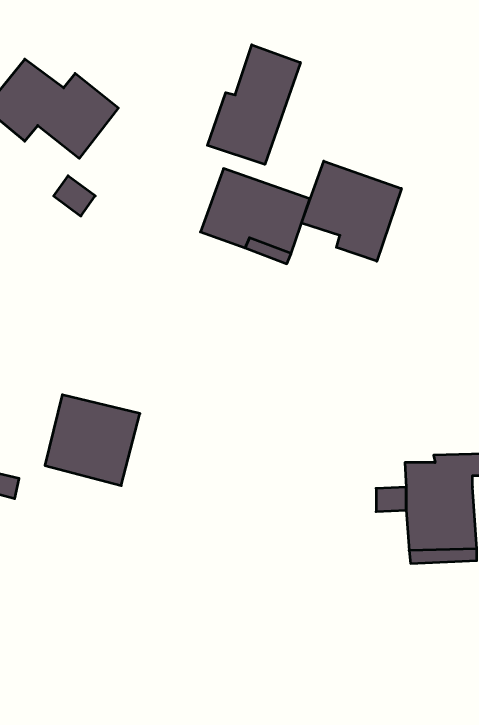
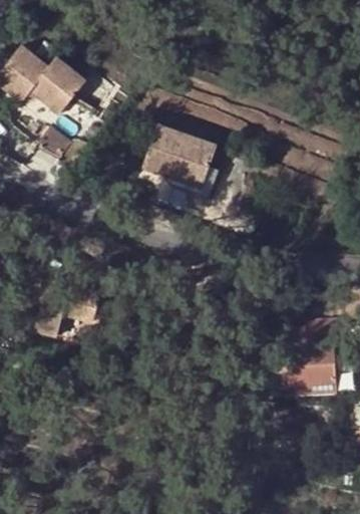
building: [207,45,300,164] -> none
building: [302,161,401,261] -> none

